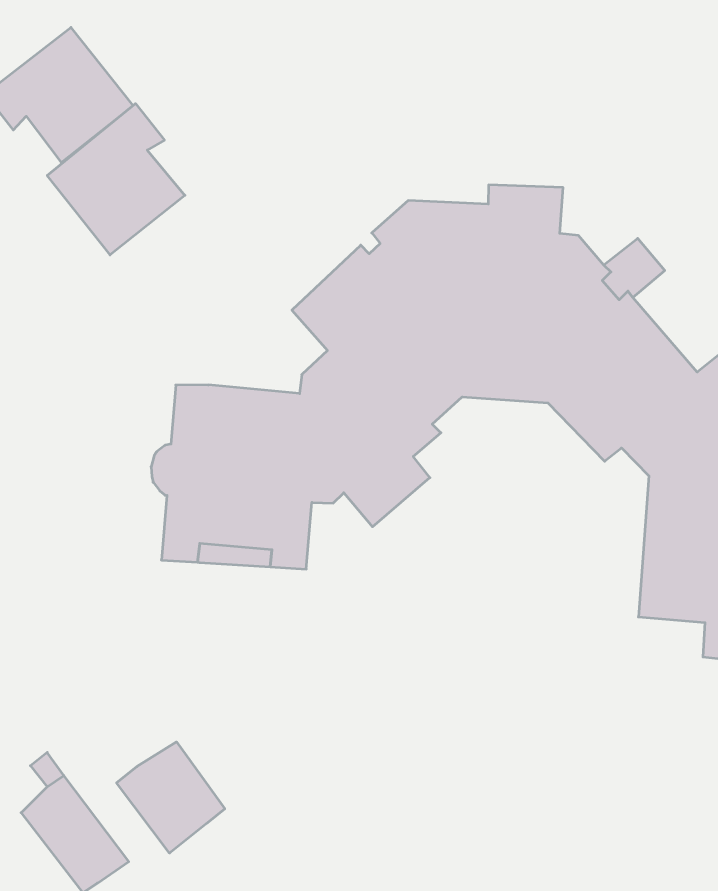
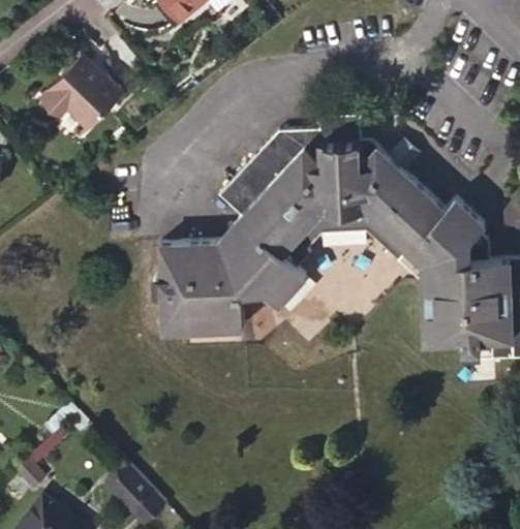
building: [47,104,185,255] -> none
building: [117,742,225,853] -> none

